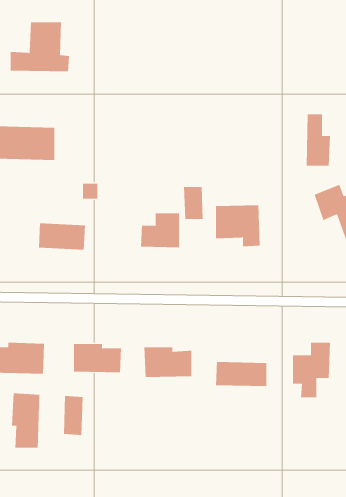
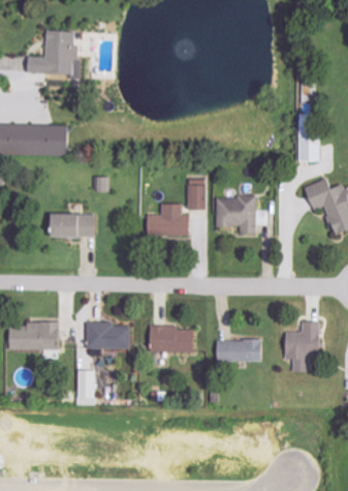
building: [12,392,40,448] -> none

